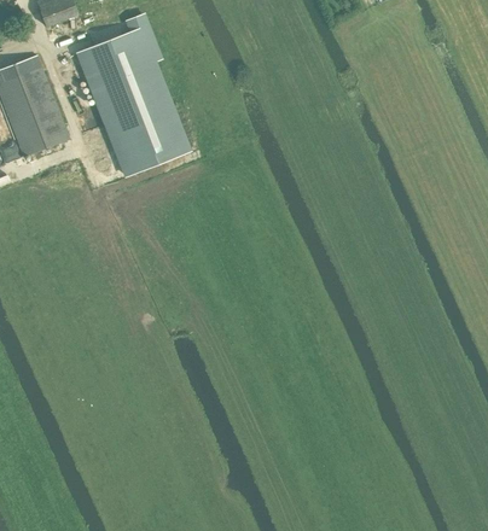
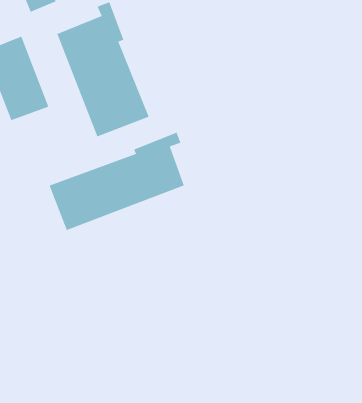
building: none -> [49,132,184,231]

